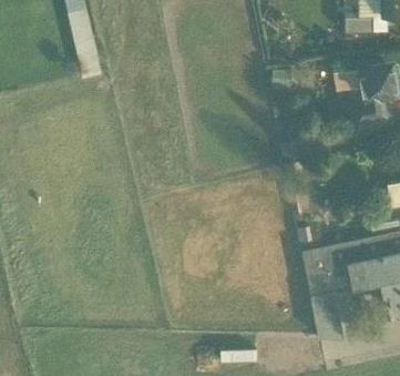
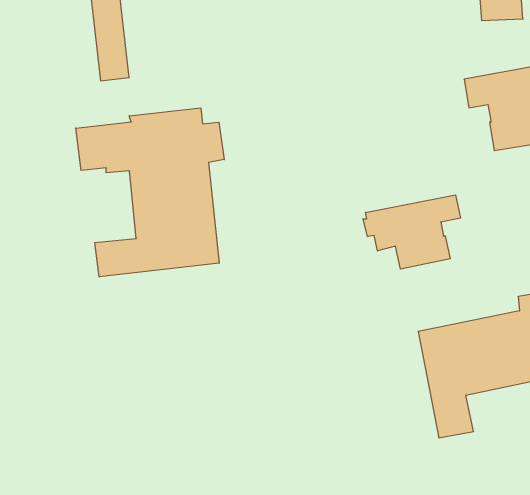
building: none -> [76,108,224,277]
building: none -> [363,195,461,269]

